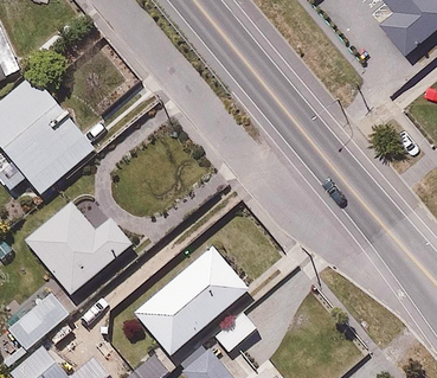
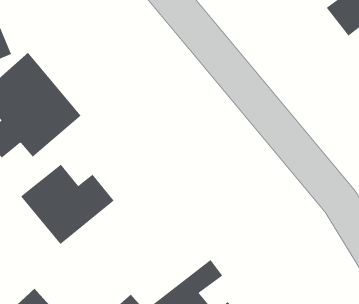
building: [135,245,250,358] -> none
building: [8,293,72,354] -> none

